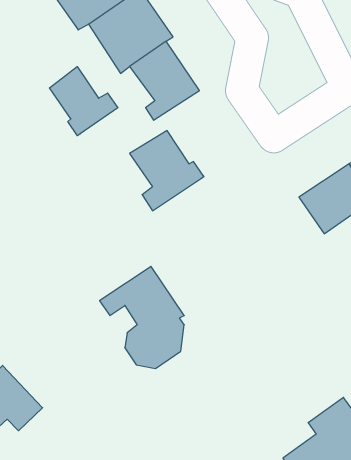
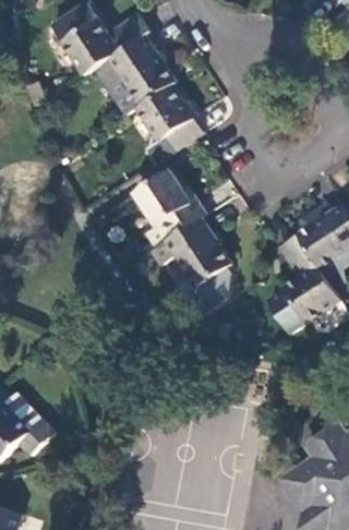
building: [49,67,118,136] -> none
building: none -> [269,233,340,332]
building: [100,266,184,368] -> [154,216,234,313]

